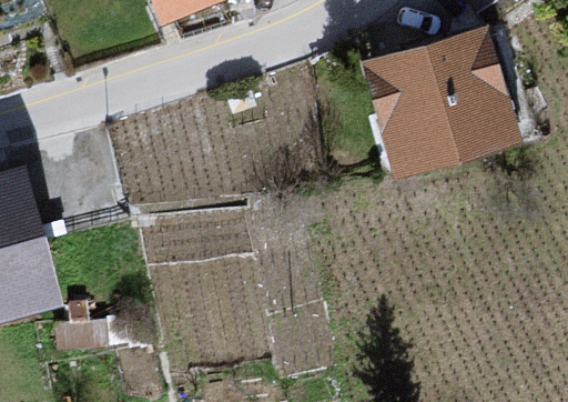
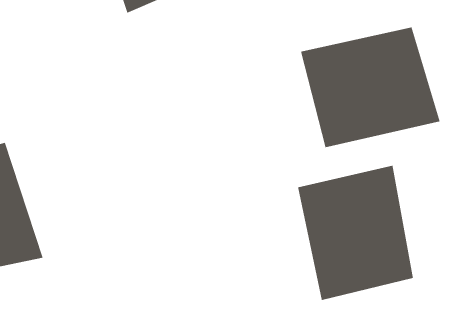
building: none -> [297,165,413,301]

